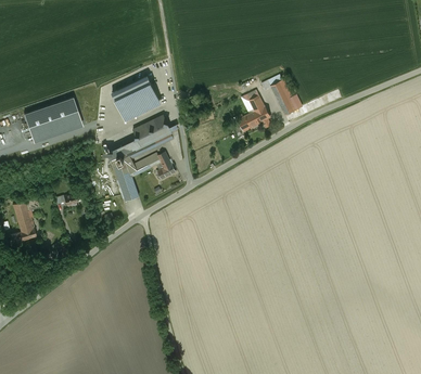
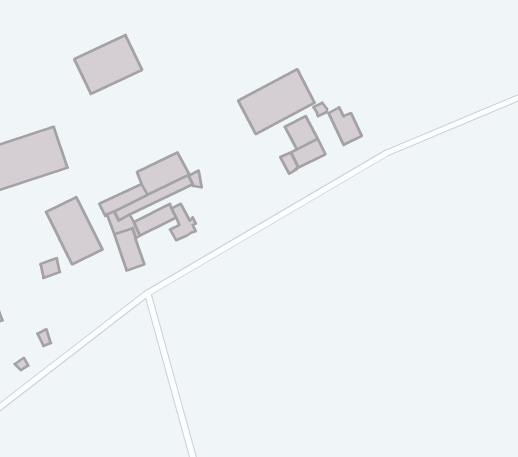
building: none -> [238,69,315,134]
building: [112,76,161,118] -> [74,35,142,94]
building: none -> [46,197,102,264]

